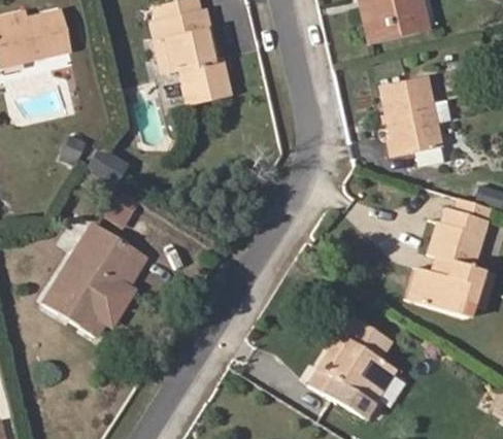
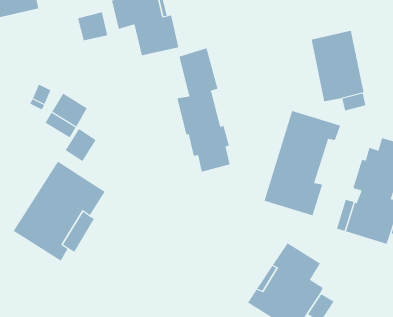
building: none -> [78,12,108,41]
building: none -> [177,47,230,172]
building: none -> [264,110,341,216]

